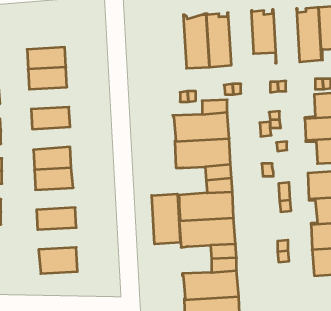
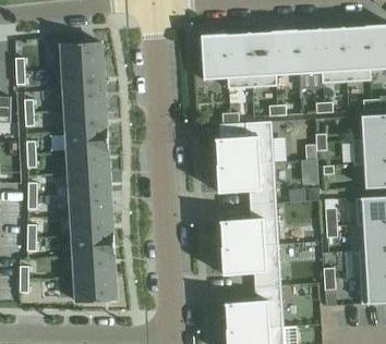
building: none -> [318,27,346,84]
building: none -> [272,29,298,86]
building: none -> [200,34,228,89]
building: none -> [61,42,101,70]
building: none -> [64,109,106,132]
building: none -> [68,150,107,174]
building: none -> [71,213,112,236]
building: [152,194,180,244] -> none
building: none -> [73,255,113,278]

